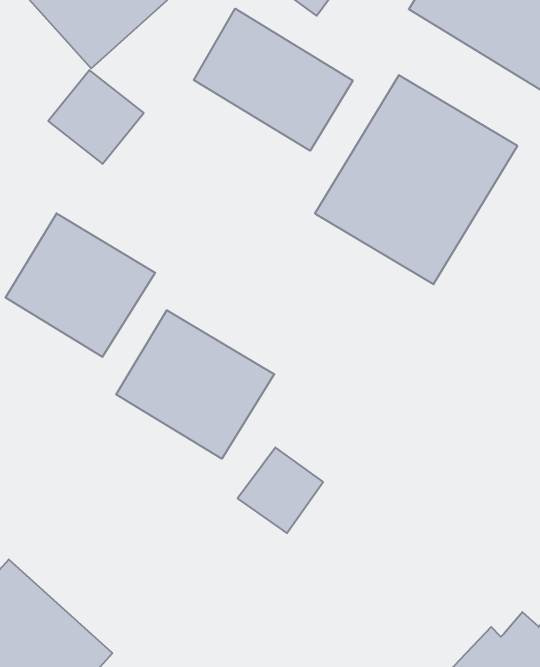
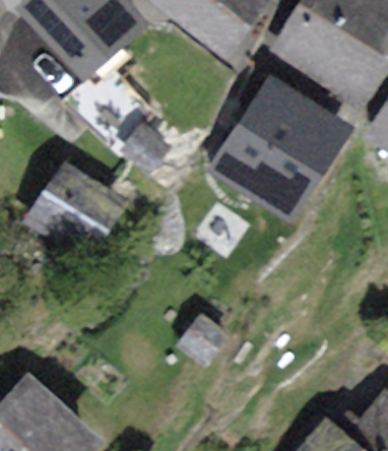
building: [194,9,353,151] -> none
building: [116,310,274,459] -> none

